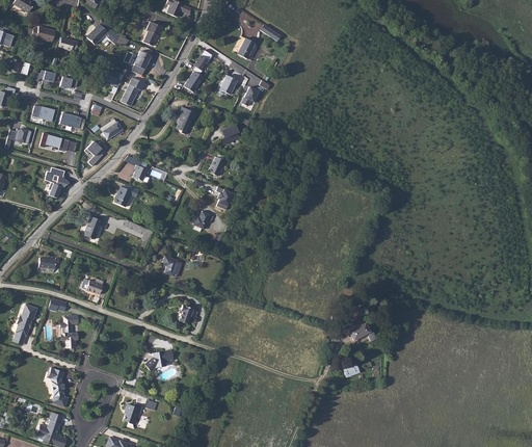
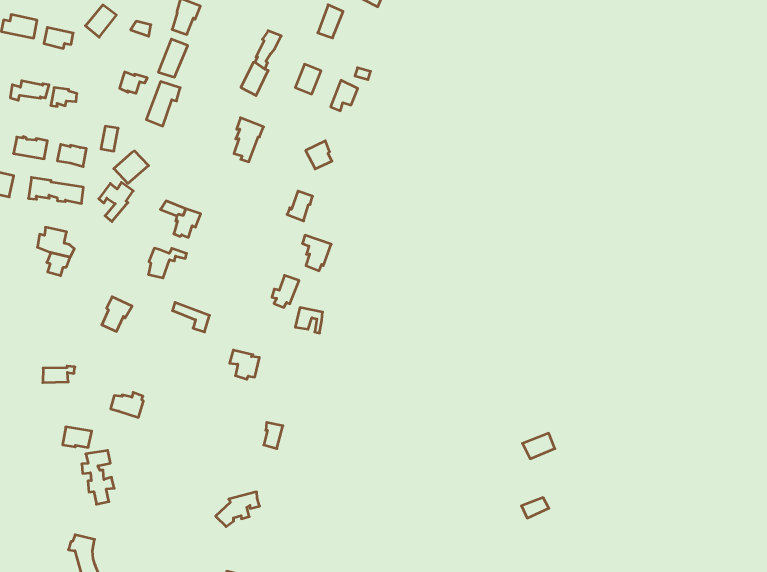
building: [12,304,36,344] -> none

